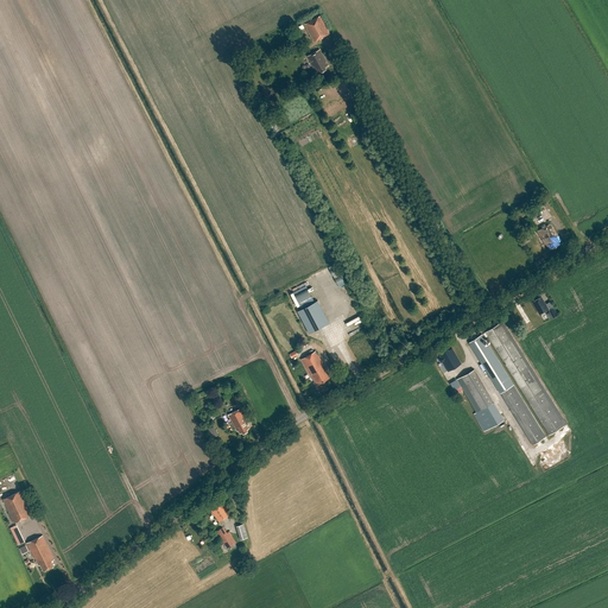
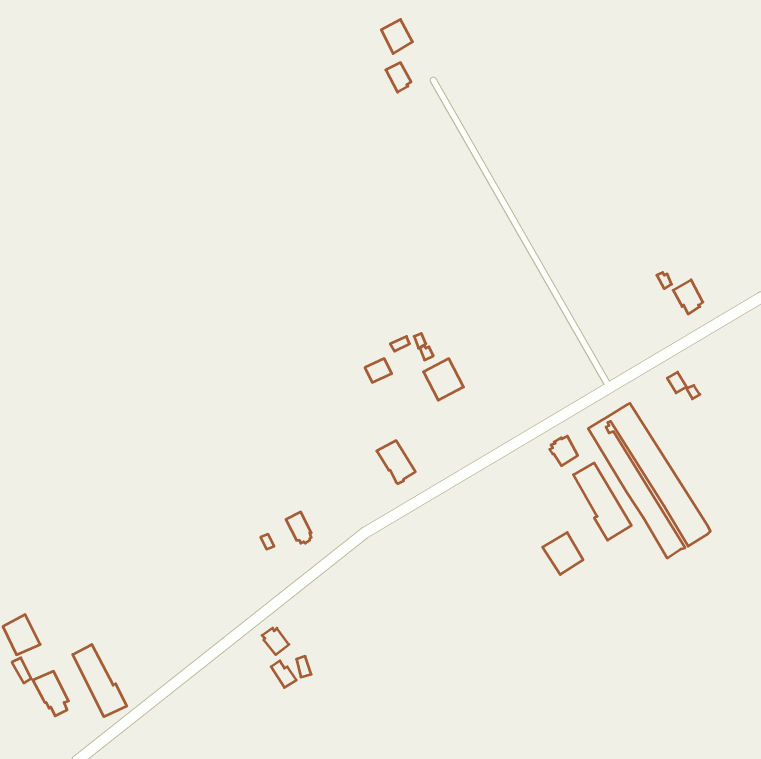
building: [297,302,329,335] -> [423,359,464,400]
building: none -> [543,532,583,575]
building: none -> [73,644,127,717]

